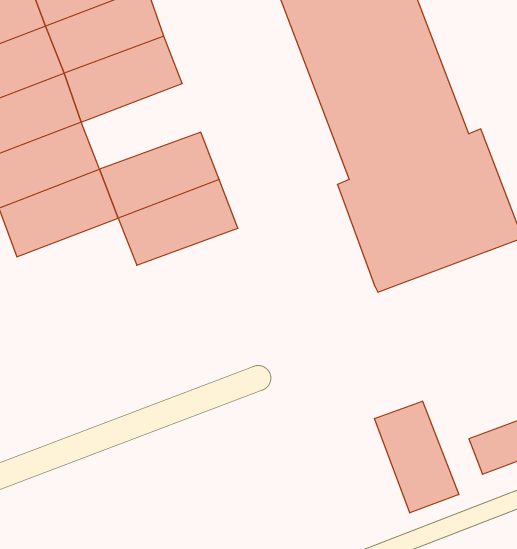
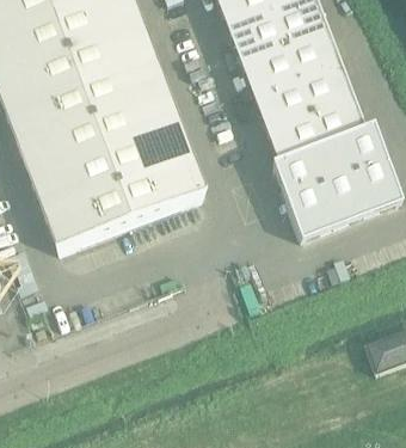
building: none -> [91,90,176,151]
building: none -> [45,185,130,246]
building: [375,401,459,513] -> none

